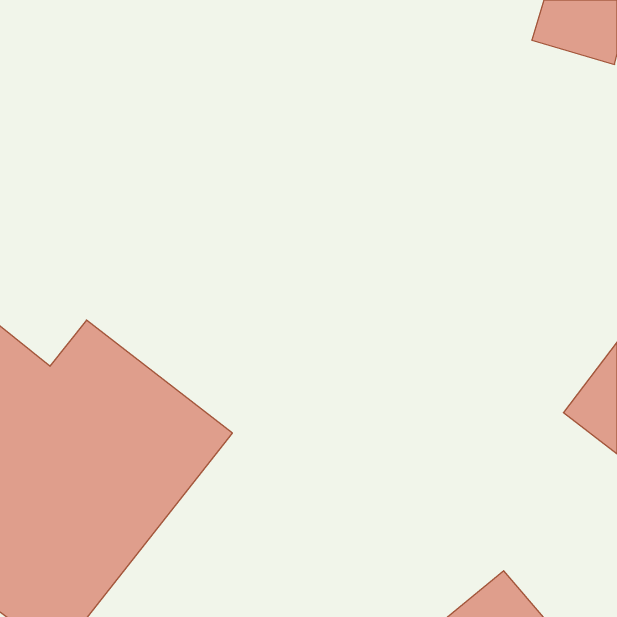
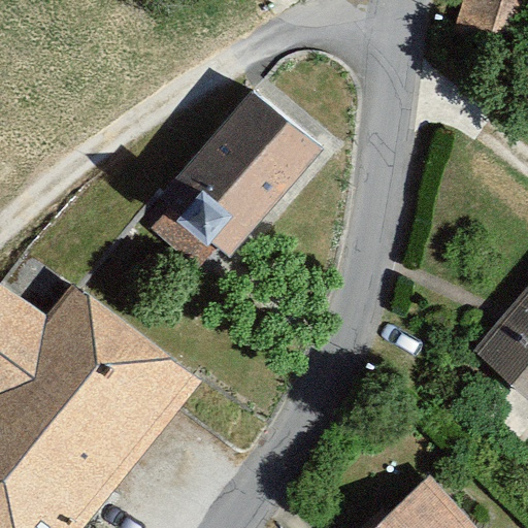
building: none -> [147,89,320,274]

